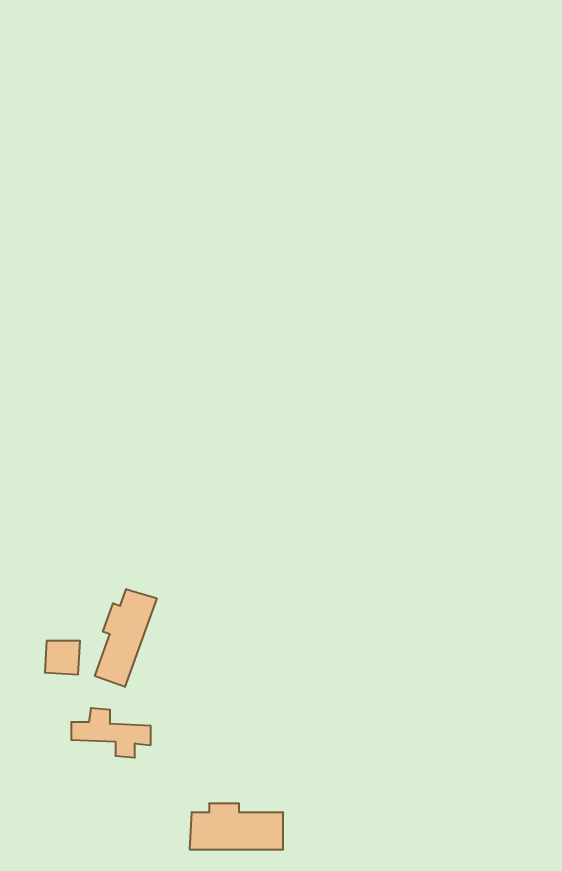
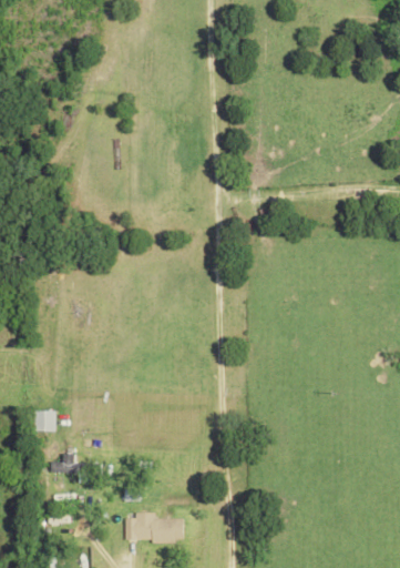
building: [95,589,157,687] -> none

